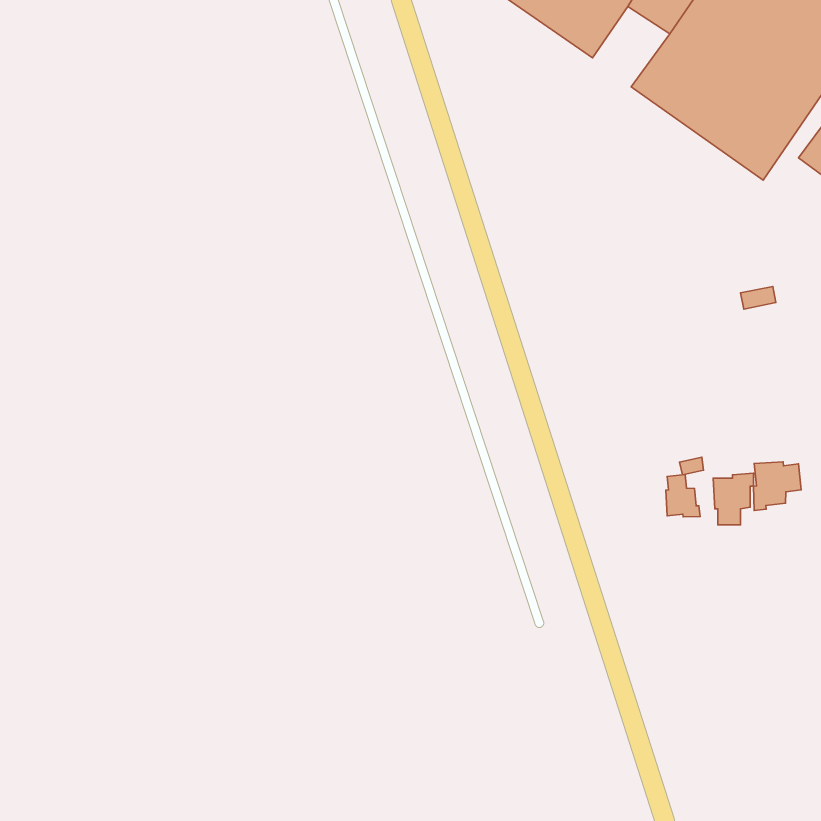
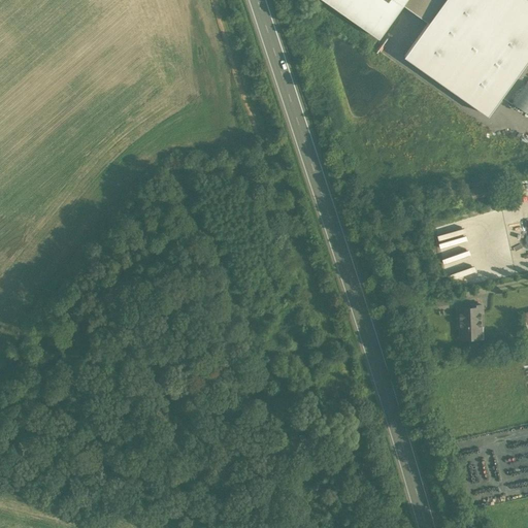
building: [753,462,801,511] -> none
building: [666,475,700,517] -> none

